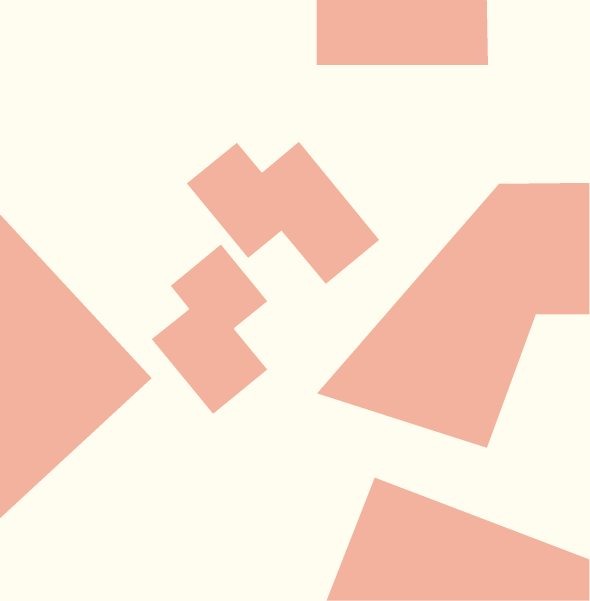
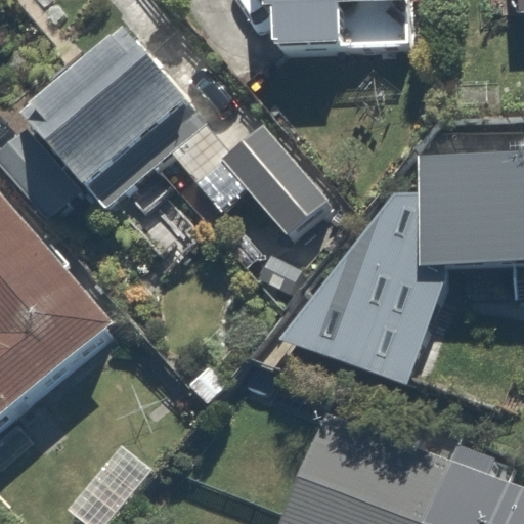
building: none -> [25,29,204,206]
building: [151,243,268,415] -> none

